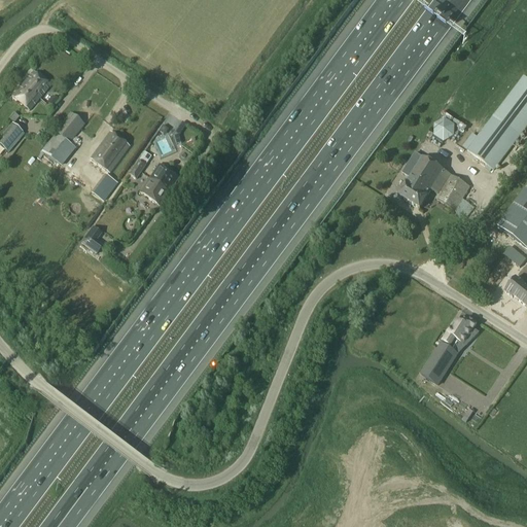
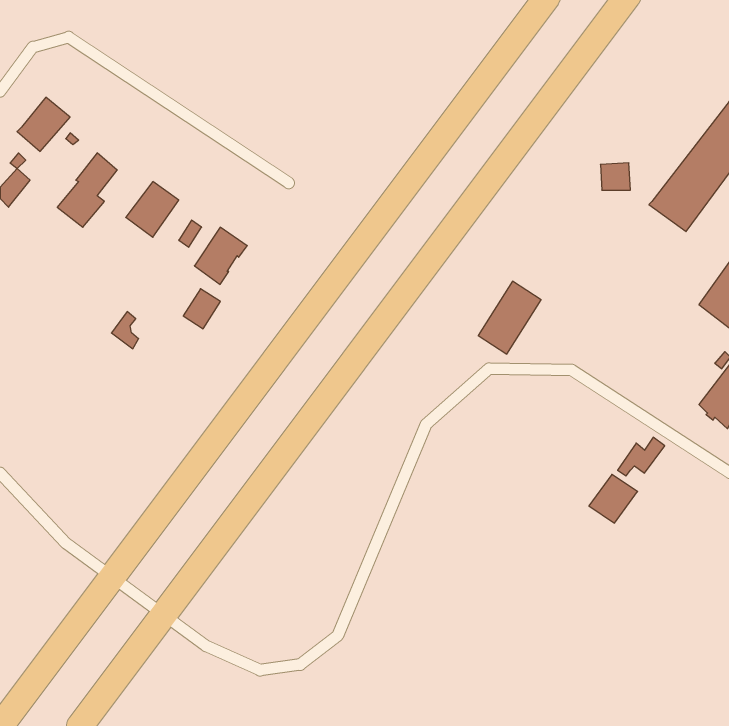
building: [399,154,445,207] -> [478,281,541,354]
building: [92,172,118,201] -> [183,289,220,329]
building: [436,172,472,210] -> none

